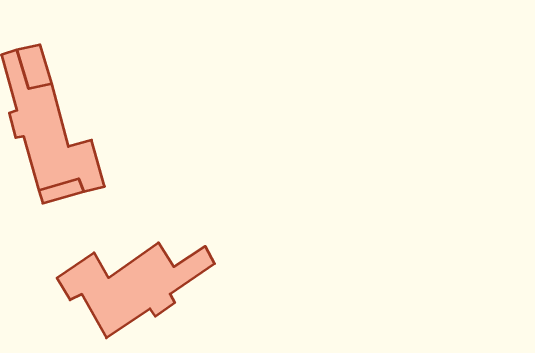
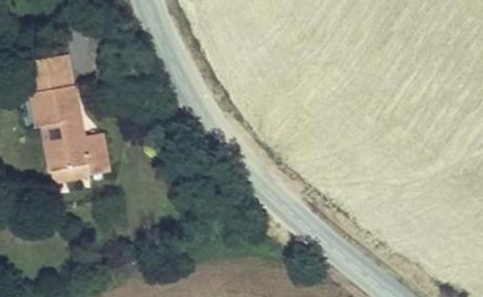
building: [57,243,215,338] -> none

